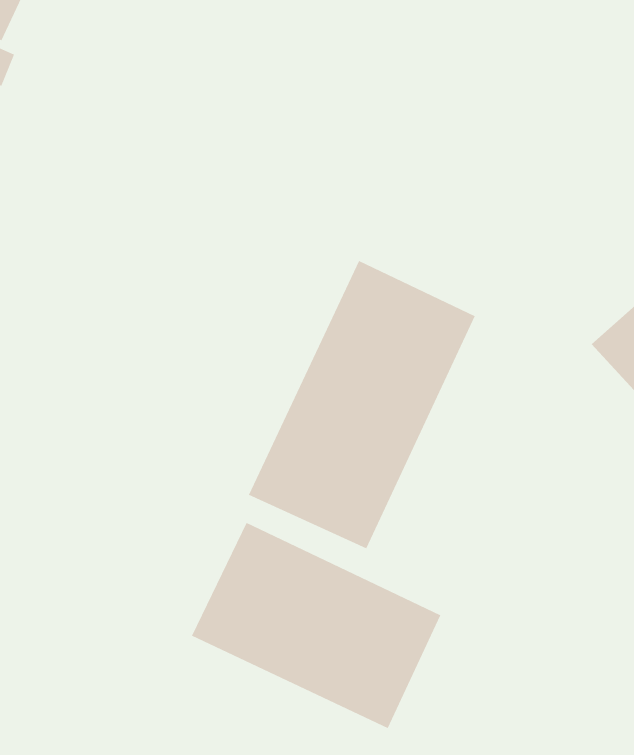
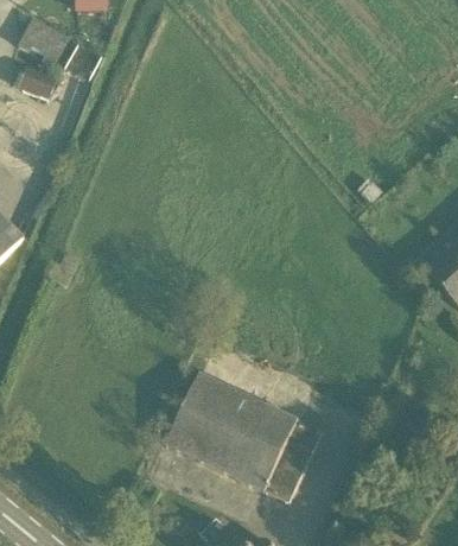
building: [248,260,476,549] -> none

